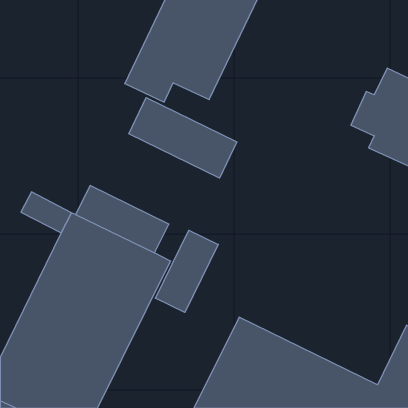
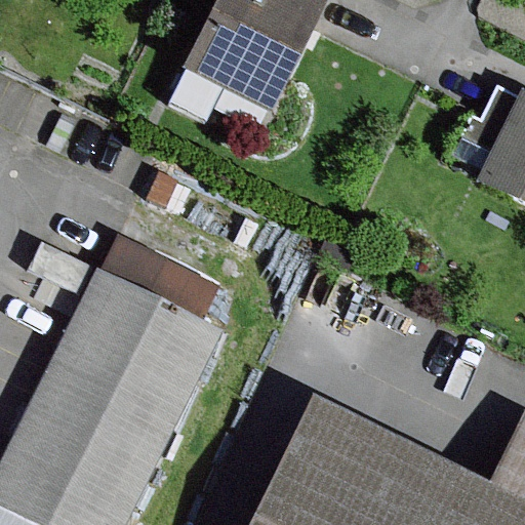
building: [129,98,237,178] -> none
building: [155,230,218,312] -> none

